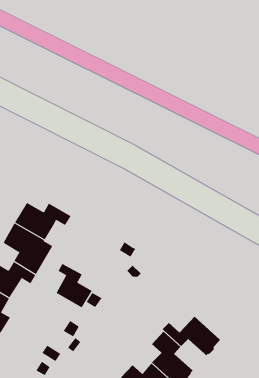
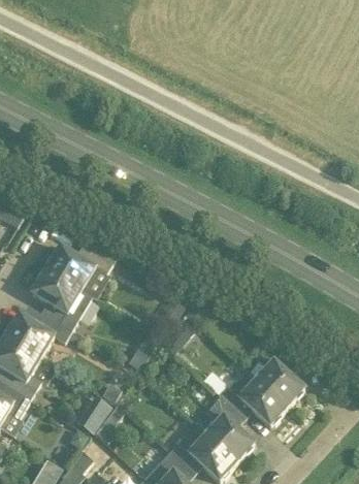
building: [56,263,92,308] -> none
building: none -> [254,342,302,408]

